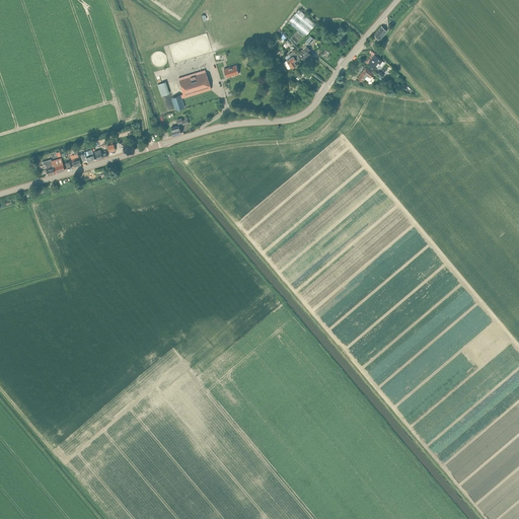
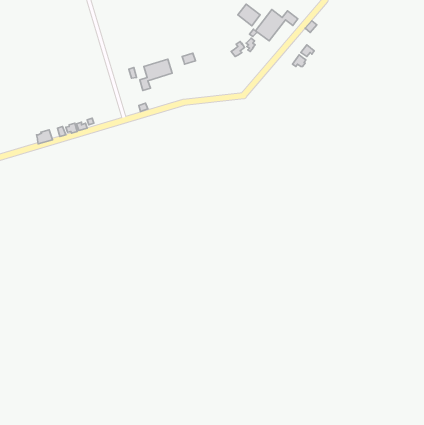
building: none -> [256,10,298,41]

